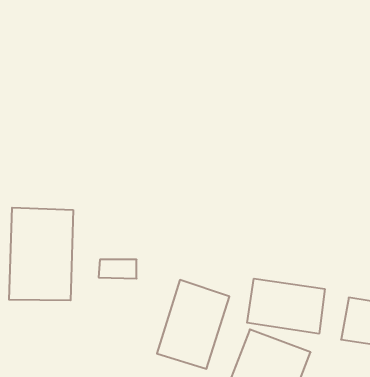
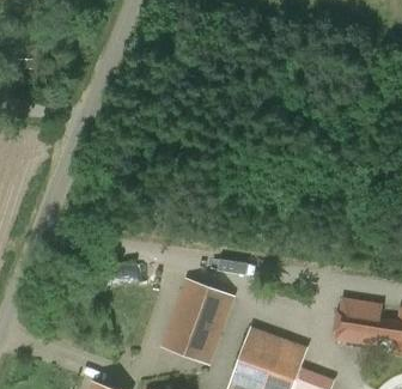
building: [9,208,73,300] -> none
building: [247,279,325,334] -> none

